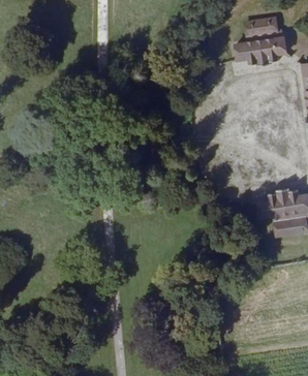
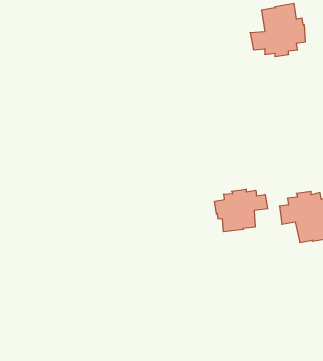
building: none -> [215,189,268,232]

